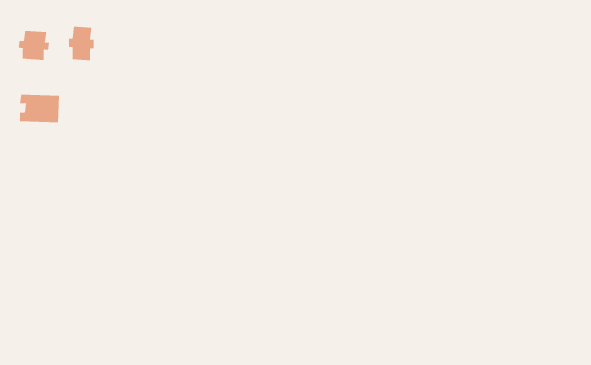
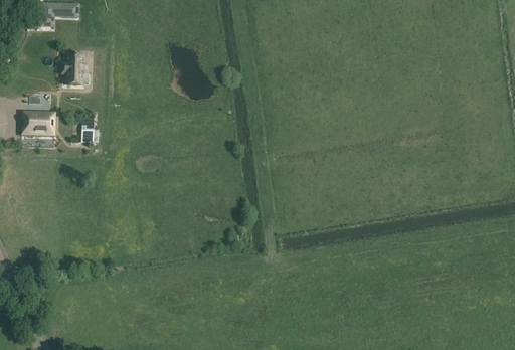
building: [18,30,50,61] -> none

